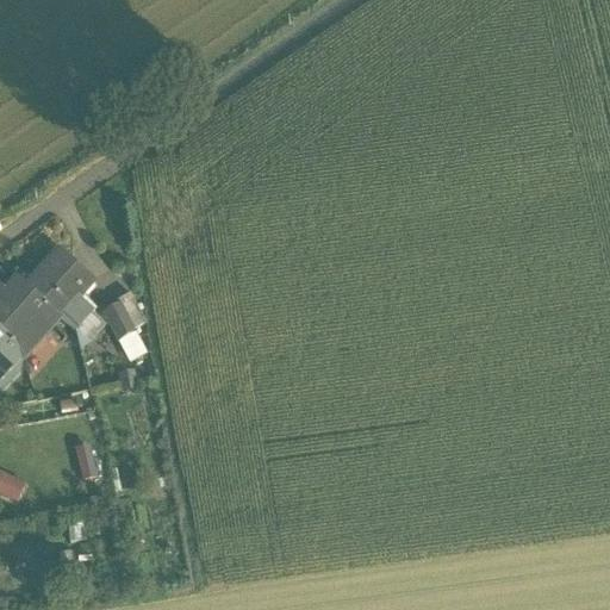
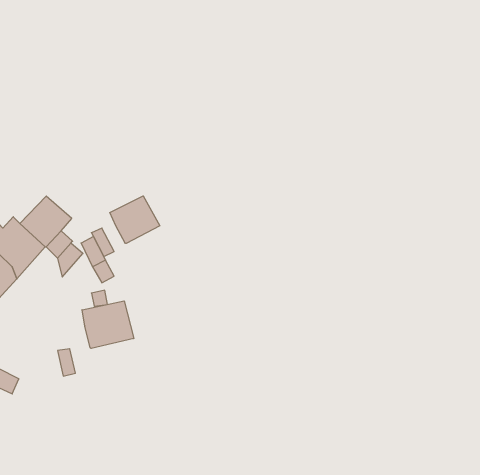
building: none -> [110,196,160,243]
building: none -> [82,301,134,348]

